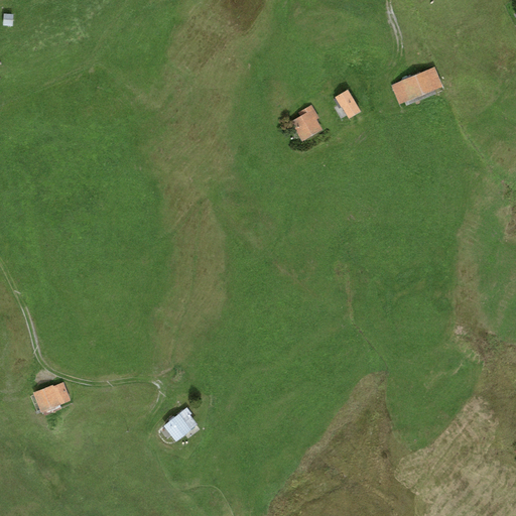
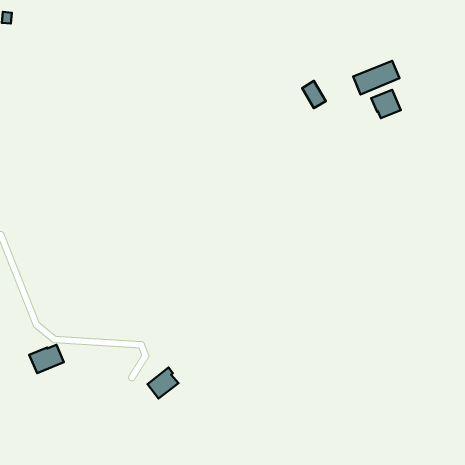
building: none -> [371,90,401,118]
building: [290,105,322,141] -> none

